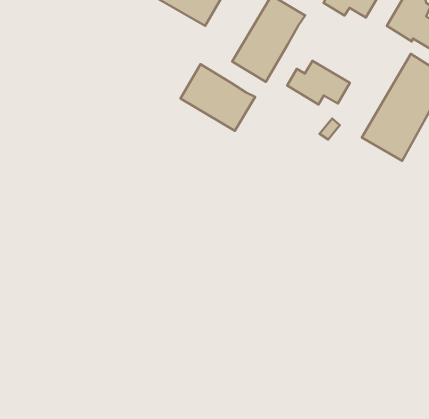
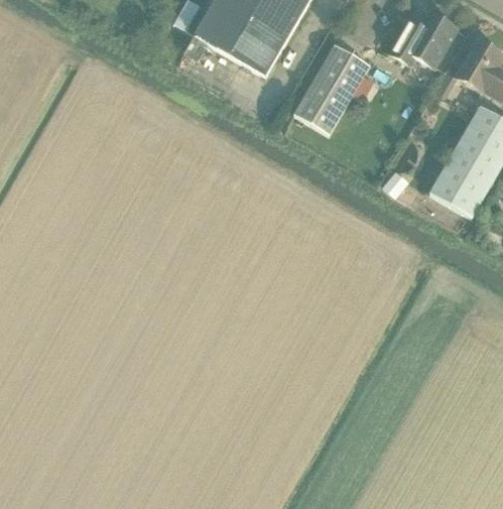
building: [287,61,350,105] -> none
building: [180,64,255,131] -> none

